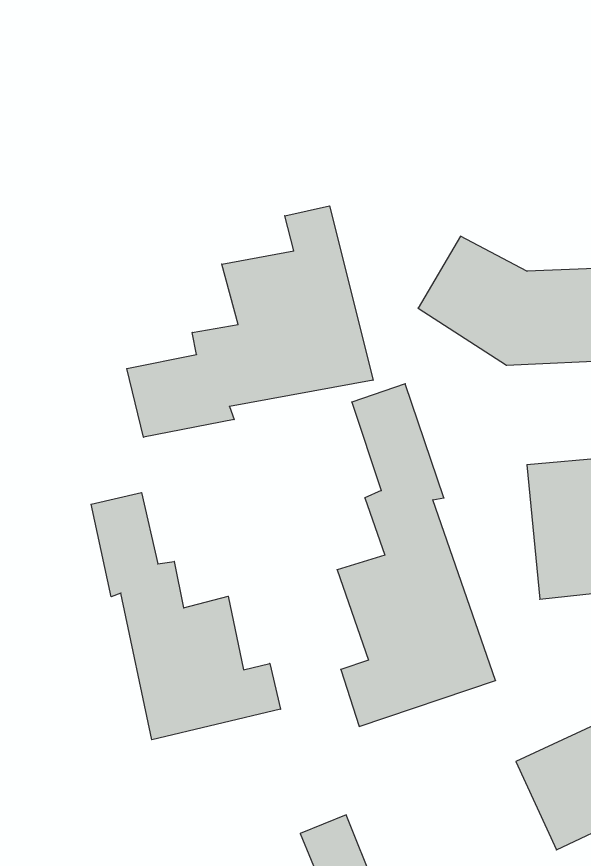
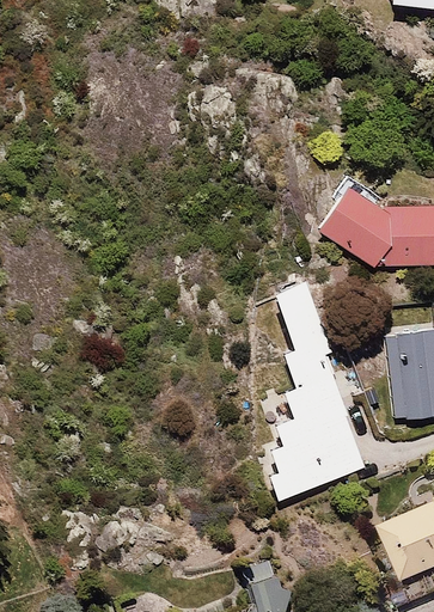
building: [127,206,373,437] -> none
building: [91,493,281,740] -> none

